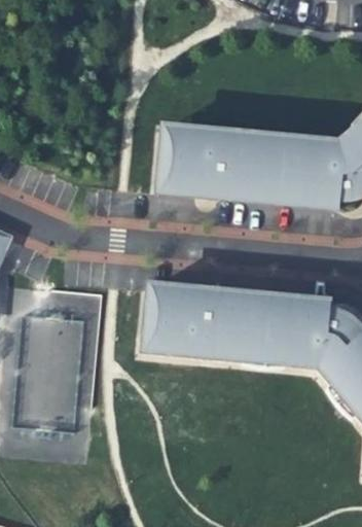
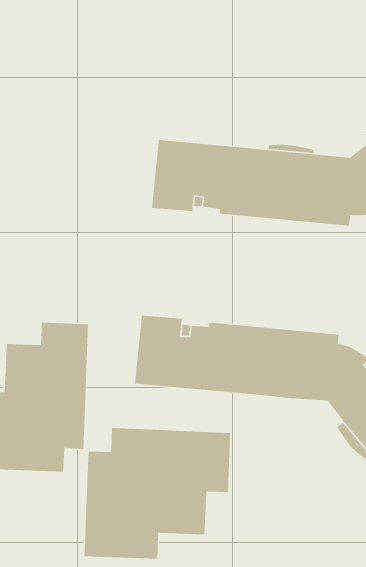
building: none -> [84,427,231,559]

